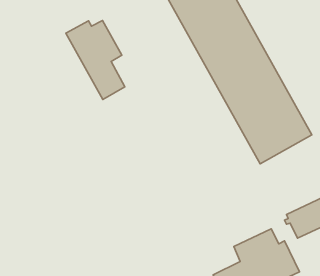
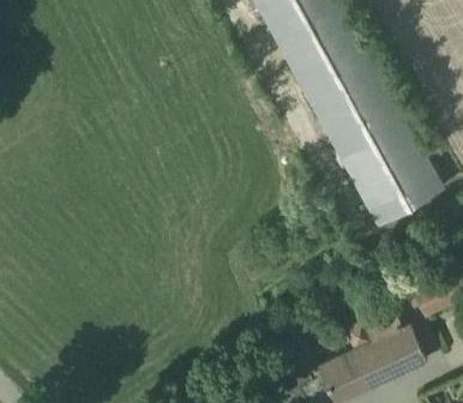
building: [66,20,125,99] -> none

